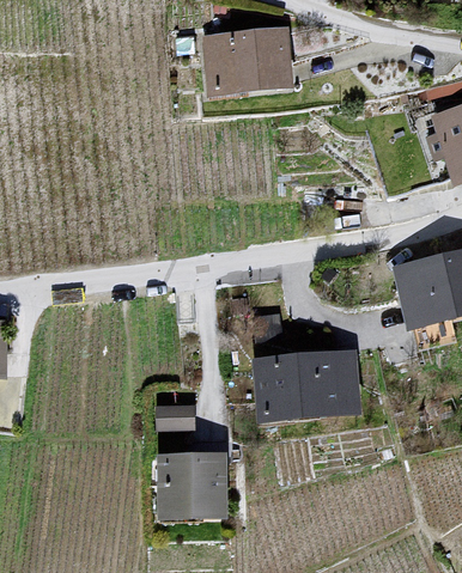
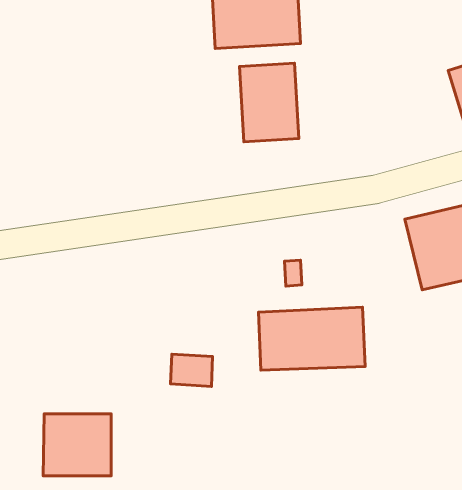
building: none -> [239,63,299,142]
building: [154,451,220,511] -> [43,414,111,476]

